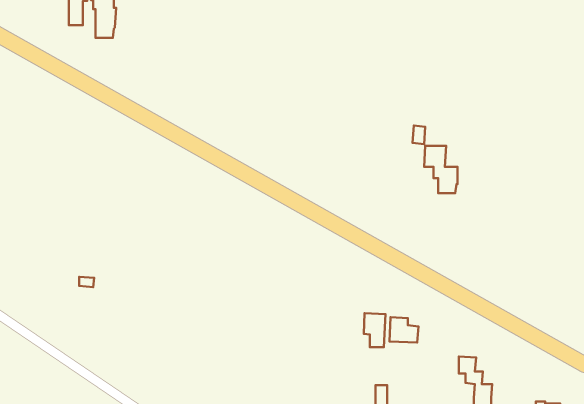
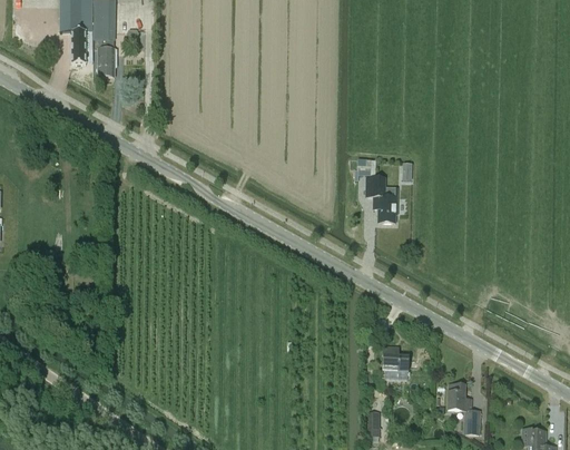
building: [424,146,458,193] -> [364,175,396,221]
building: [364,313,386,347] -> none

